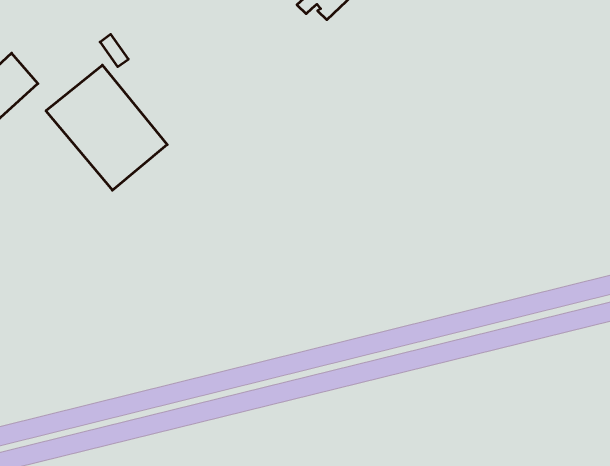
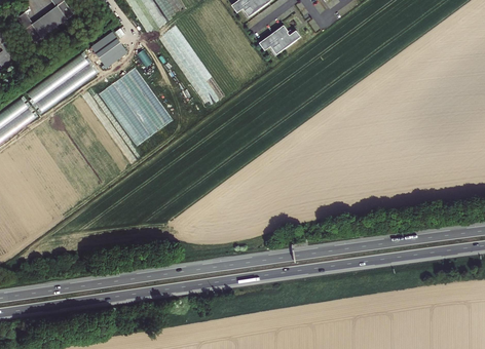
building: none -> [91,32,127,68]

